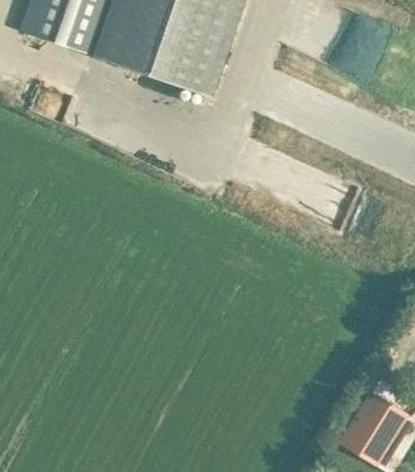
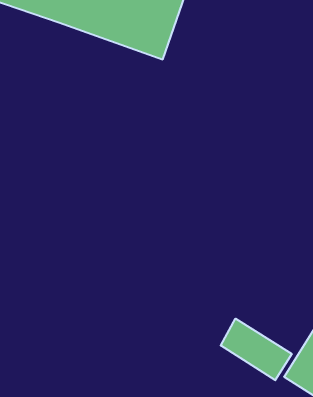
building: none -> [221,319,292,380]

